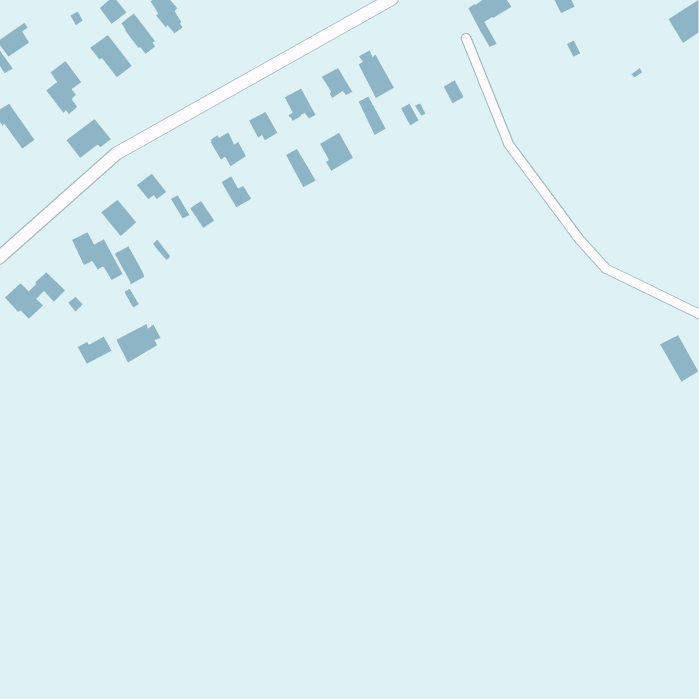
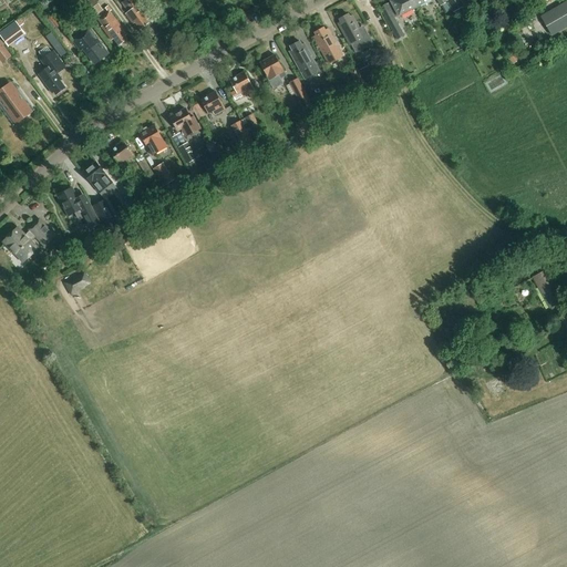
building: none -> [338,14,372,52]
building: none -> [313,28,347,58]
building: [65,118,112,159] -> none
building: [319,132,354,172] -> none
building: none -> [140,124,166,154]
building: [115,323,161,363] -> none

